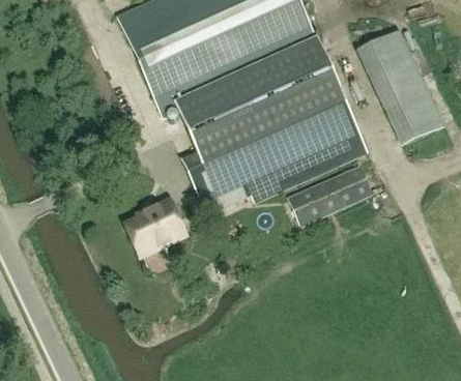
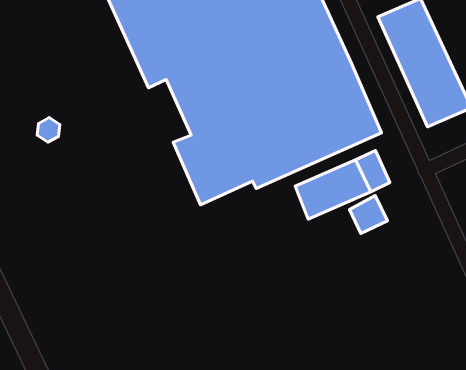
building: [124,198,186,256] -> none
building: none -> [349,195,388,234]

